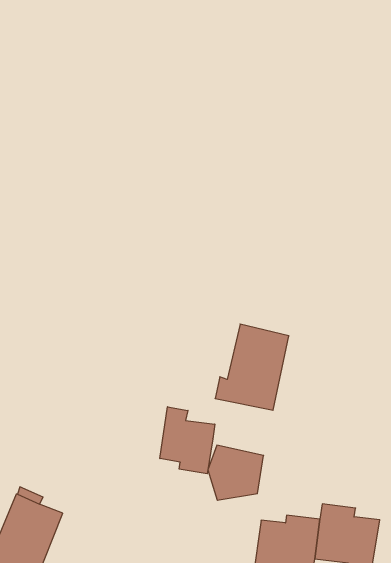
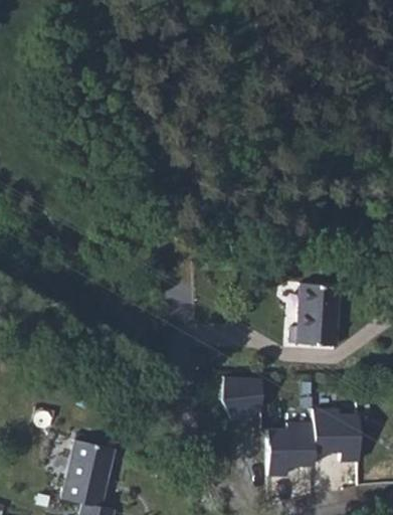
building: [215,324,289,410] -> [290,283,340,345]
building: [160,407,215,474] -> none

